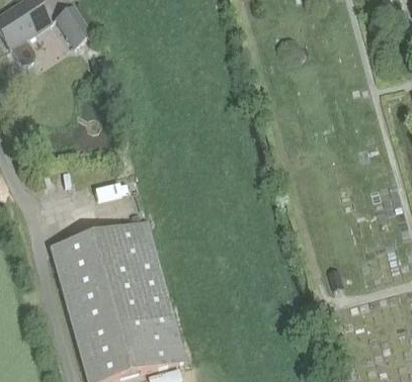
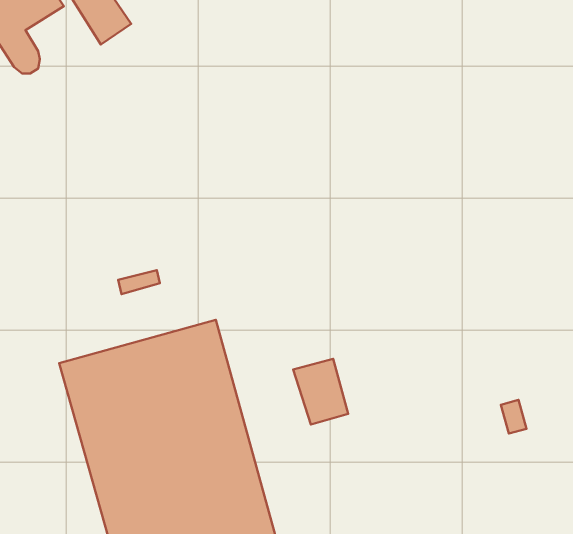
building: none -> [293,359,348,425]

